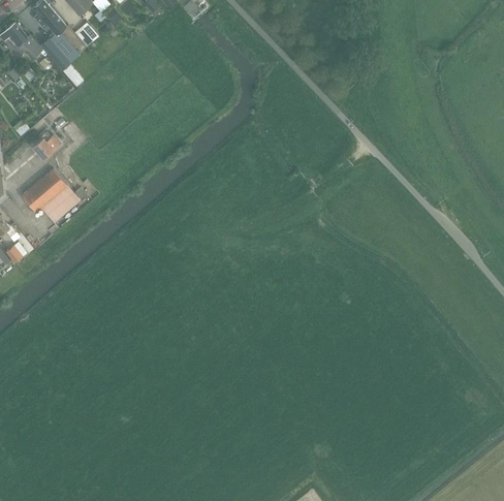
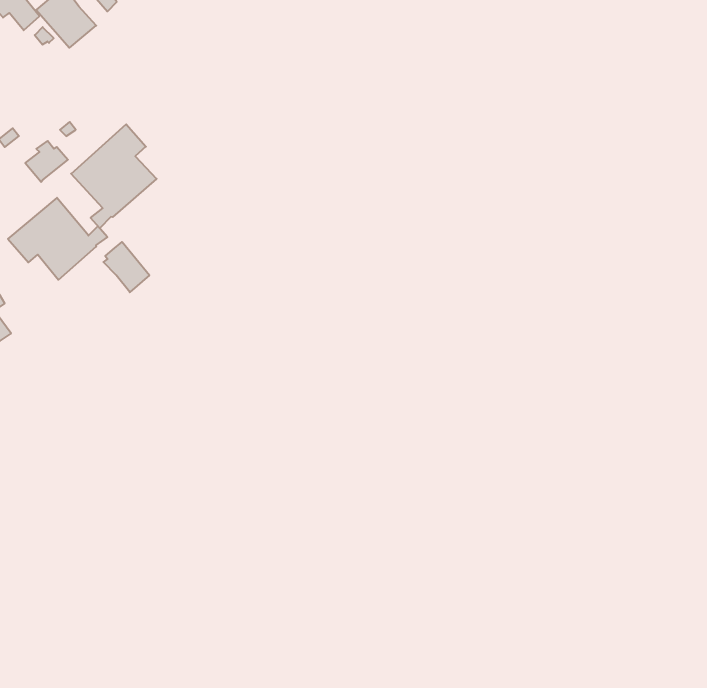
building: none -> [71,124,157,228]
building: none -> [103,242,149,292]

